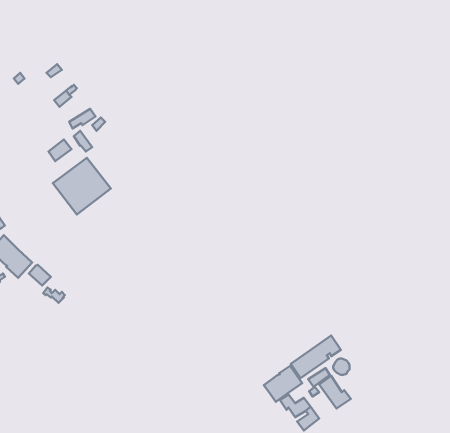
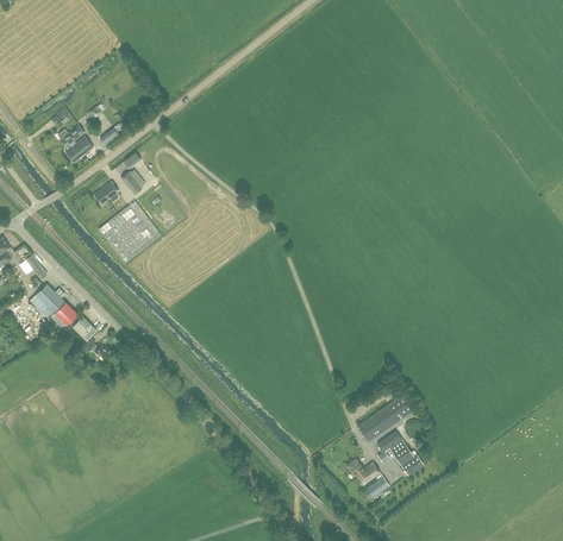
building: none -> [57,124,94,161]
building: [264,366,302,402] -> none

